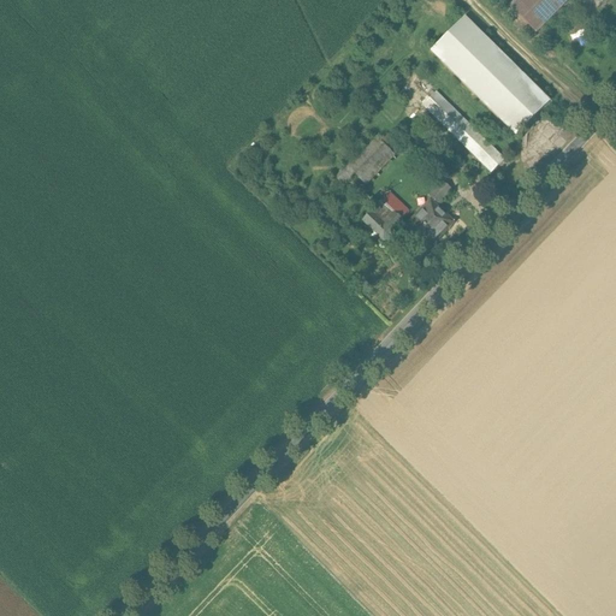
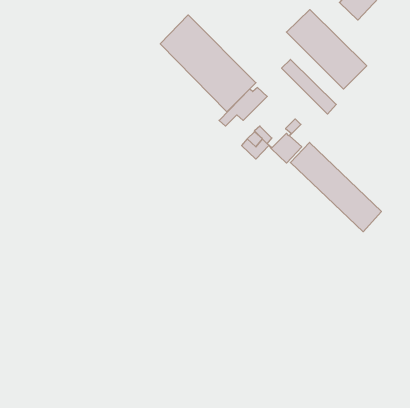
building: none -> [160,15,256,112]
building: none -> [290,142,381,232]

